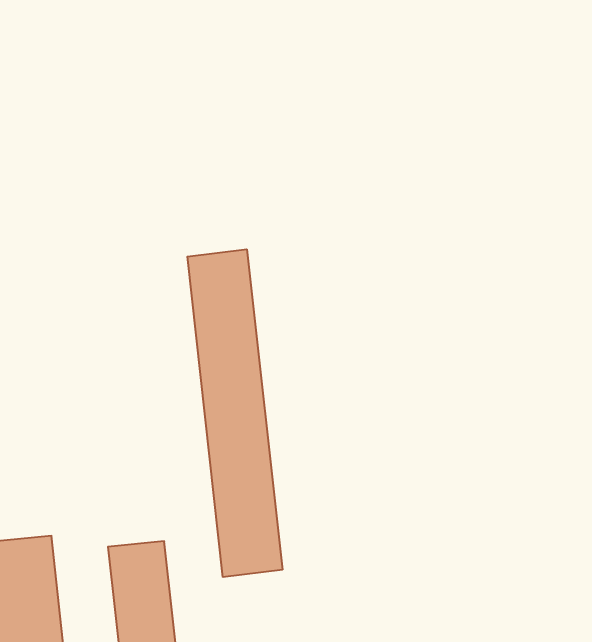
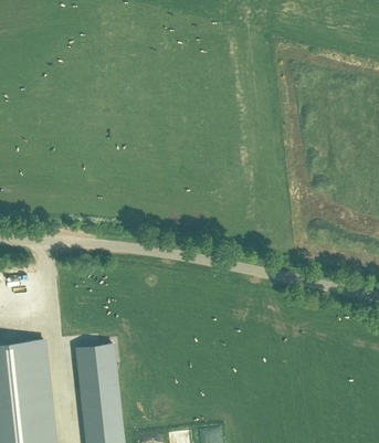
building: [187,249,282,577] -> none

